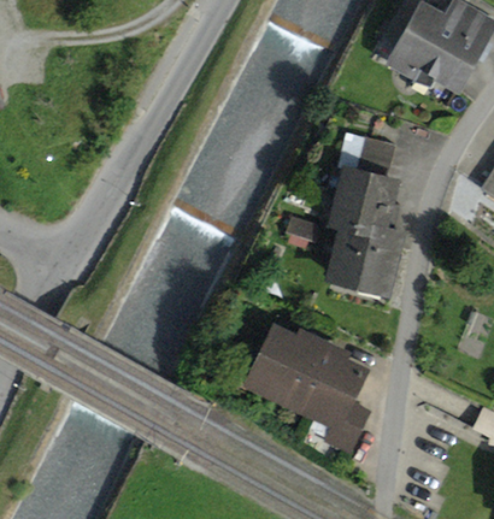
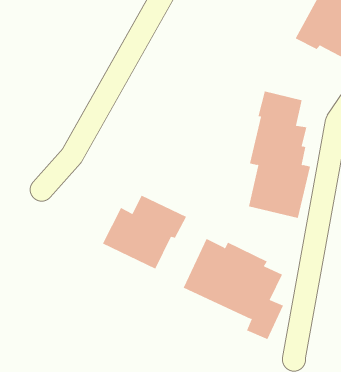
building: none -> [102,195,187,270]

